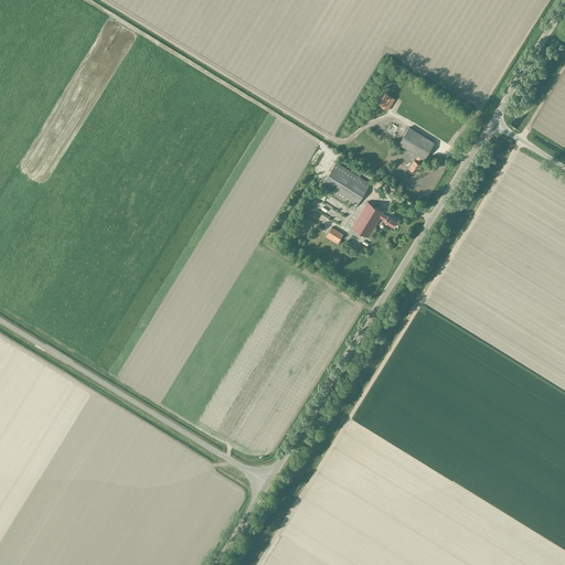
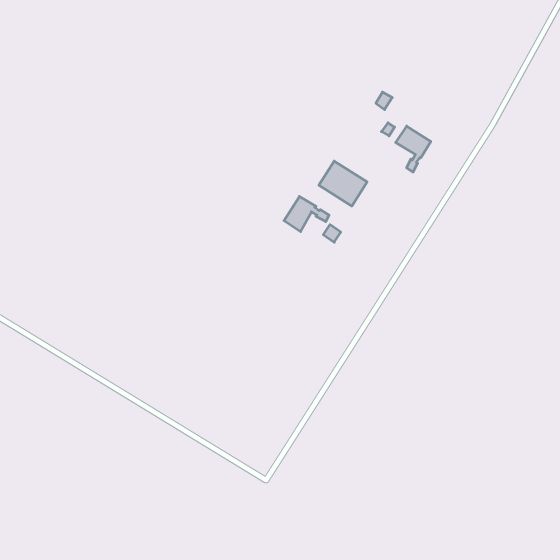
building: [352,202,397,237] -> [284,196,329,232]

